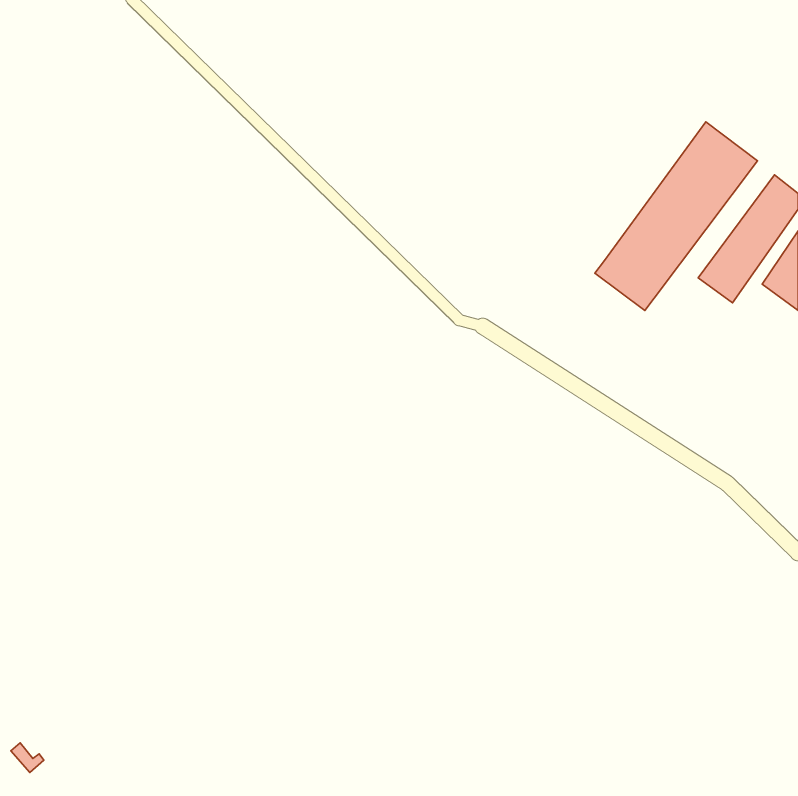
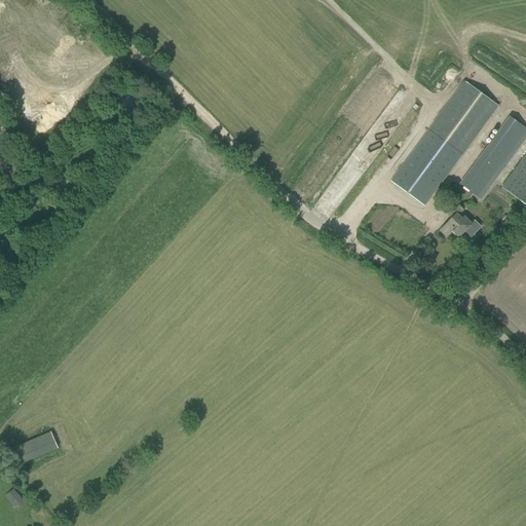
building: none -> [439,201,481,239]
building: none -> [12,431,58,463]

